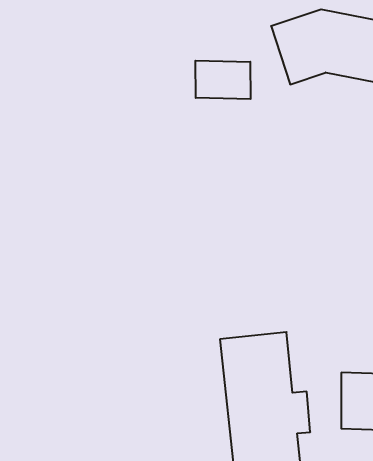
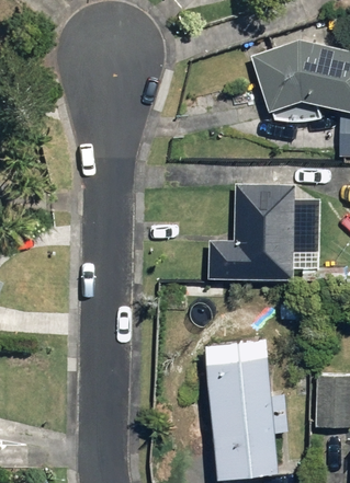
building: [195,61,251,99] -> none
building: none -> [207,184,295,281]

